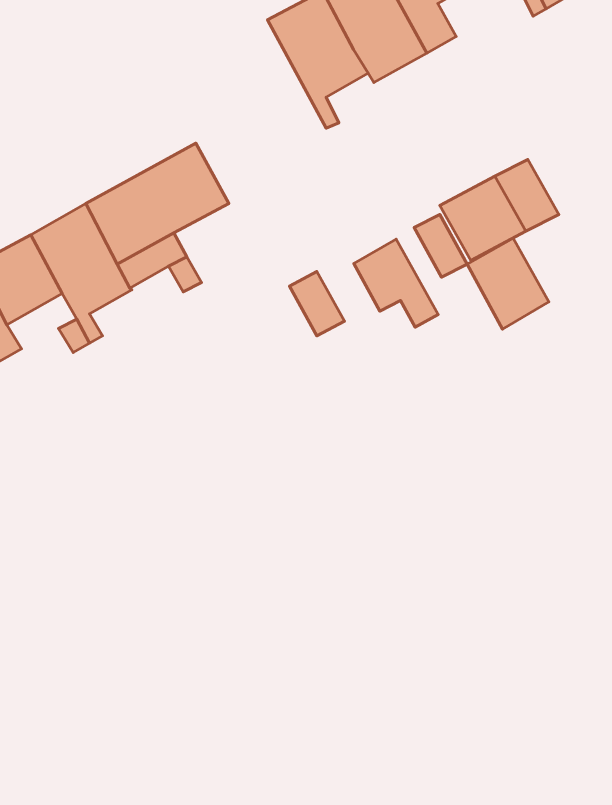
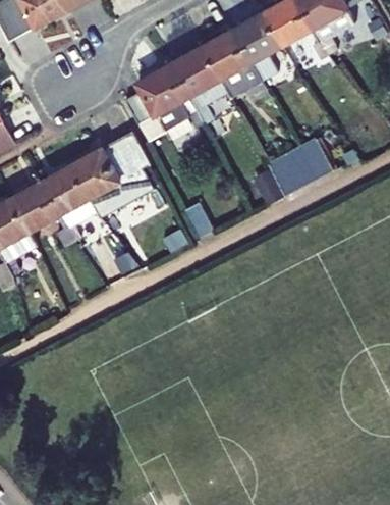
building: none -> [124,61,205,141]
building: [467,238,549,329] -> none
building: [354,239,438,327] -> none

